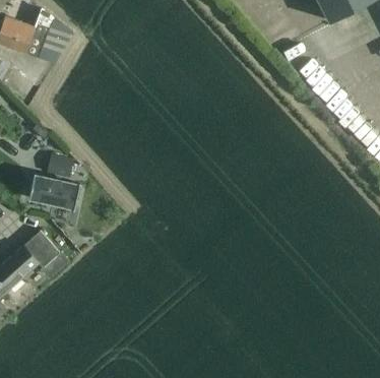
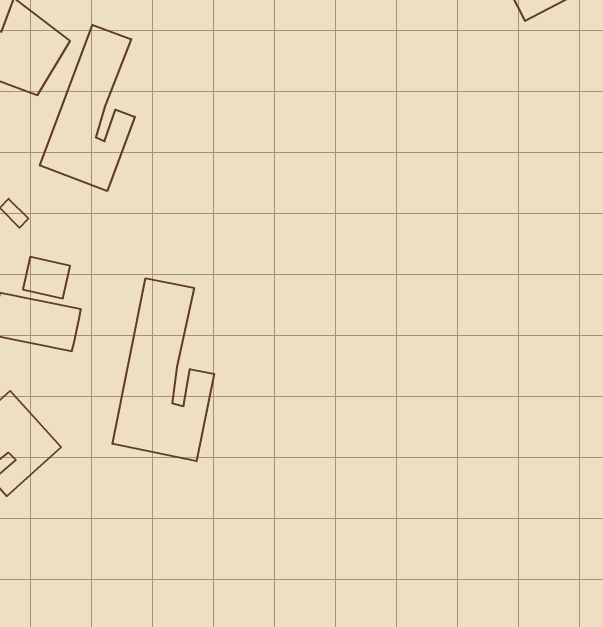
building: none -> [40,25,135,191]
building: none -> [112,278,214,461]

